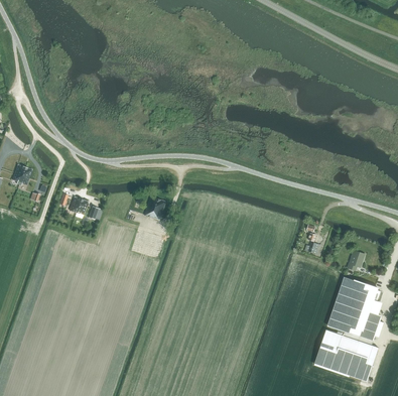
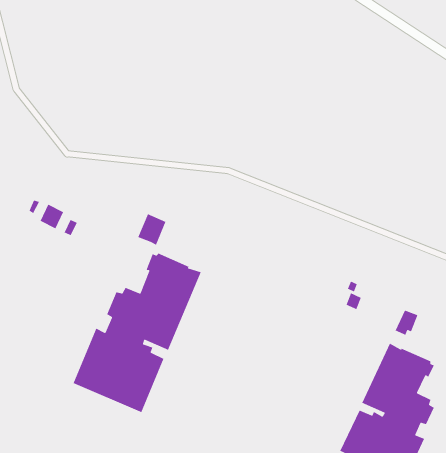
building: none -> [72,252,202,413]

